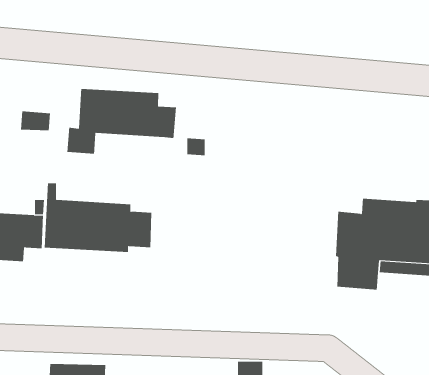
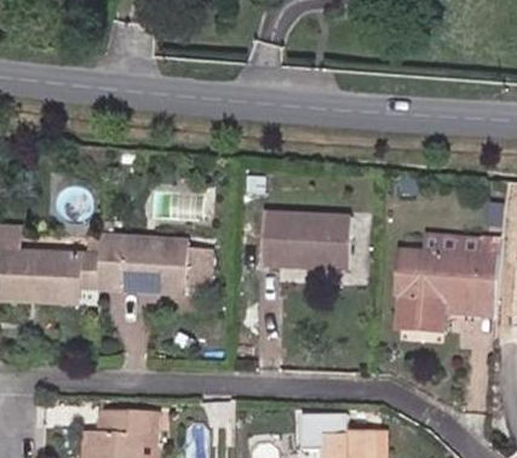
building: [67,88,177,154] -> none
building: none -> [258,213,347,270]

